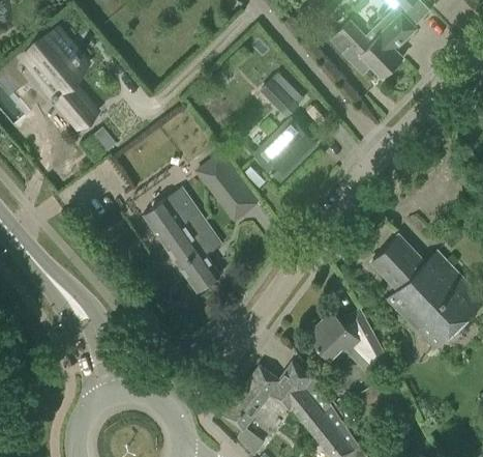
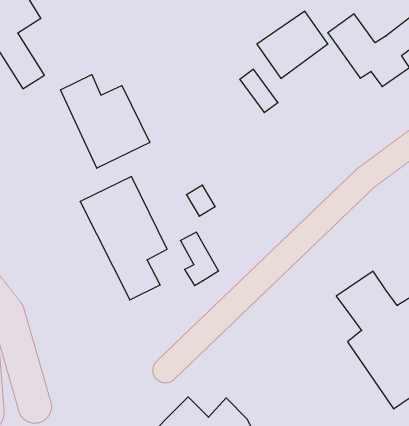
building: none -> [61,75,150,168]
building: [255,121,315,181] -> [257,11,328,78]
building: [208,156,244,202] -> [180,232,219,286]
building: [307,311,384,365] -> none

